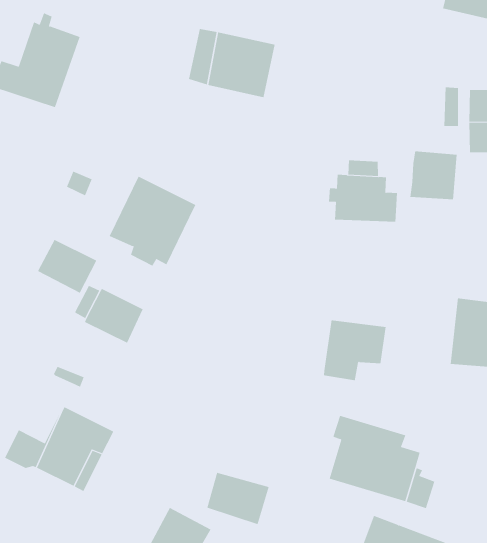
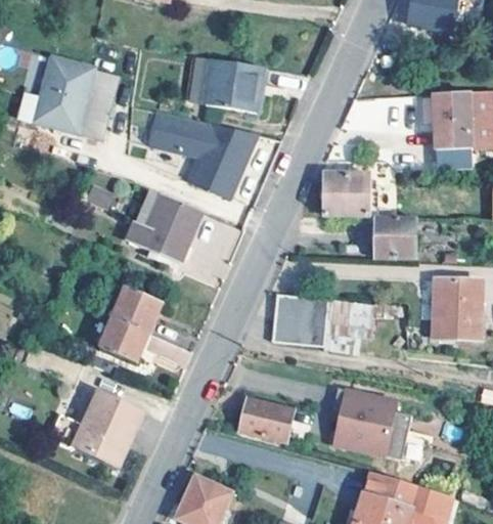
building: none -> [75,69,119,139]
building: none -> [149,110,257,196]
building: [409,151,457,200] -> [374,218,414,259]
building: [37,239,97,293] -> [97,318,149,364]
building: none -> [272,297,326,349]
building: [206,472,270,525] -> [238,399,293,443]

